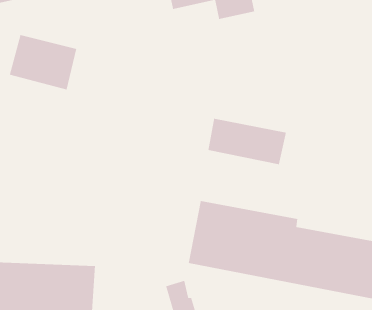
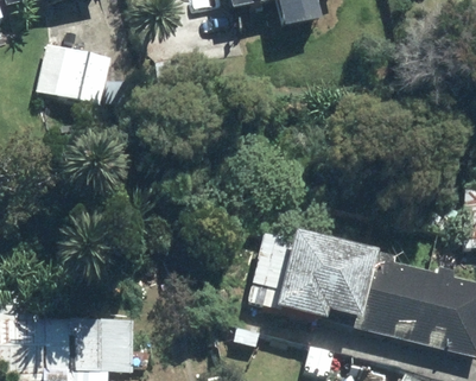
building: [208,118,287,165] -> none

